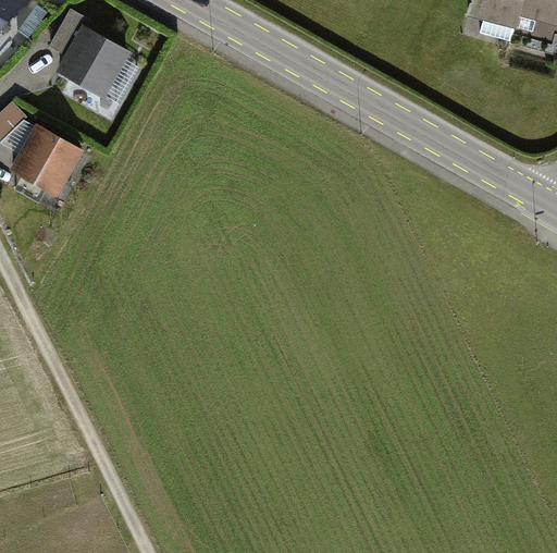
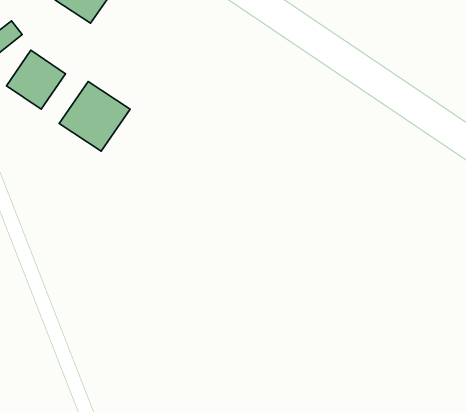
building: none -> [59,82,130,151]

